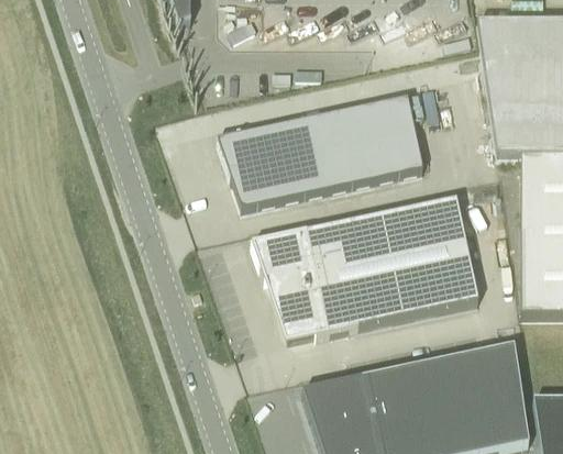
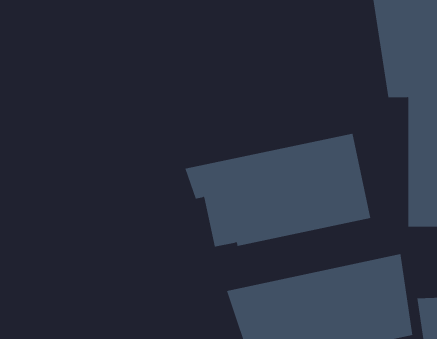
building: [217,95,424,206] -> none

